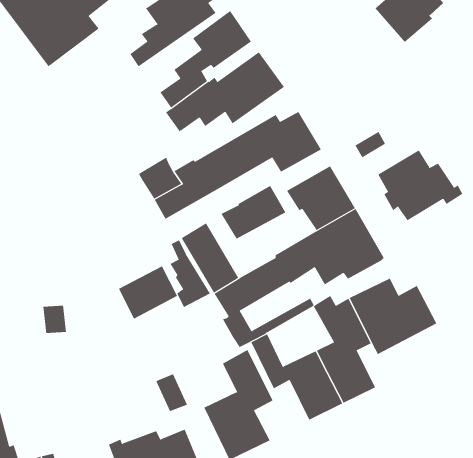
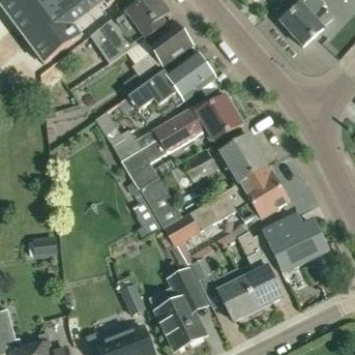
building: [378,150,463,221] -> none
building: [118,265,178,319] -> none

